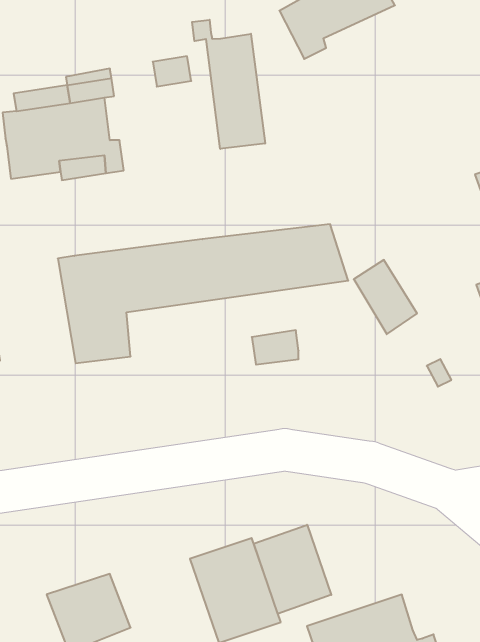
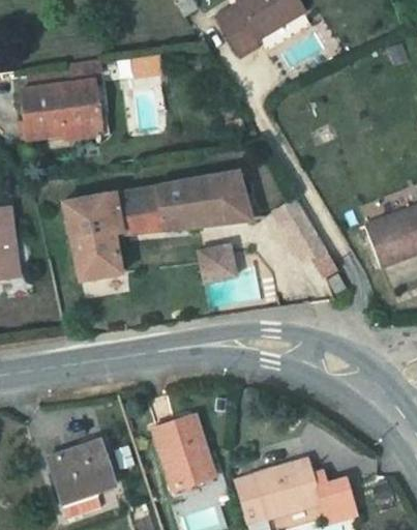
building: [192,20,265,149] -> none
building: [254,525,331,614] -> none

